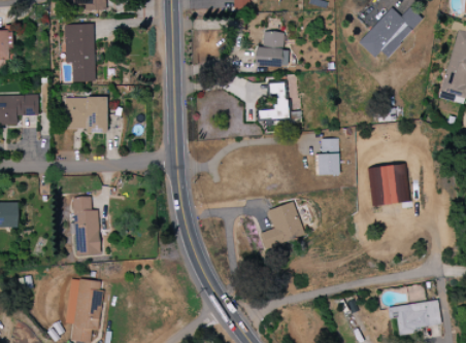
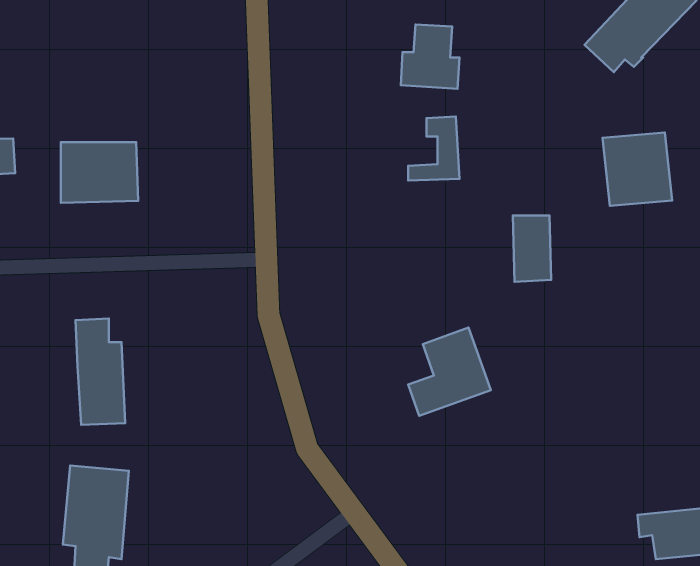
building: [64,24,94,81] -> none
building: [370,164,409,205] -> [602,132,672,206]

